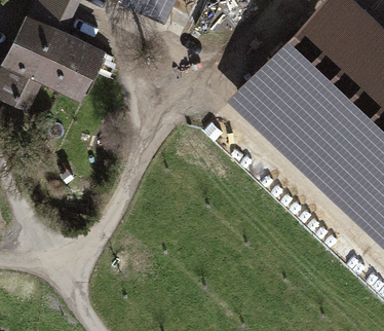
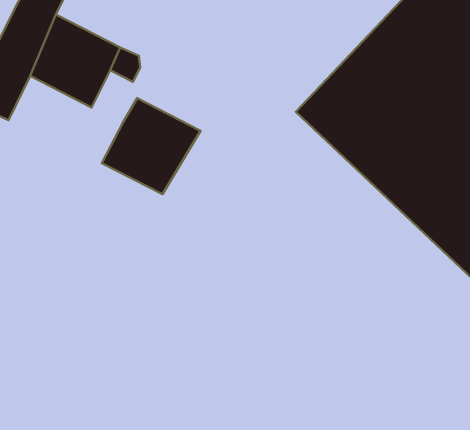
building: none -> [102,98,201,194]

